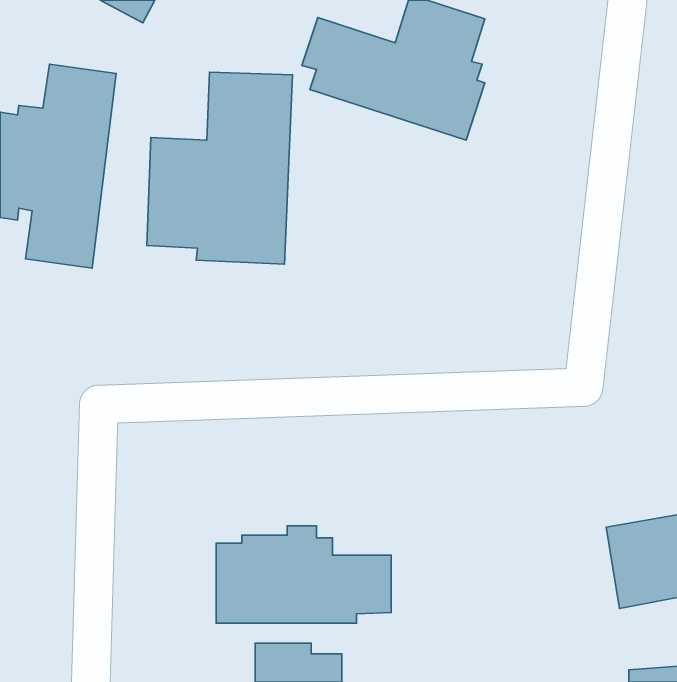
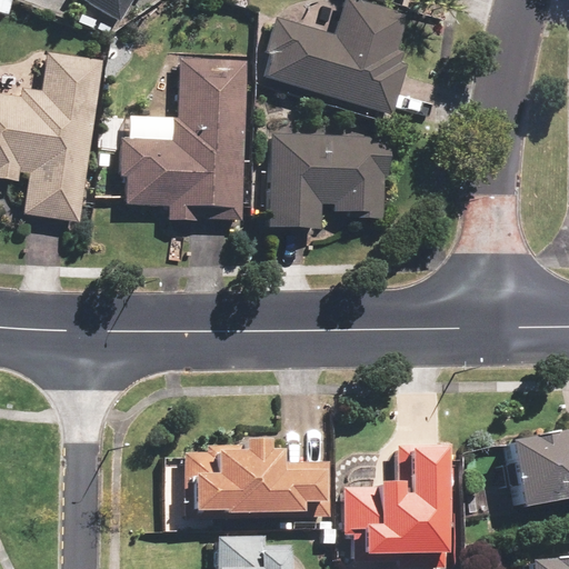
building: none -> [269,132,390,229]
building: none -> [341,443,450,563]

